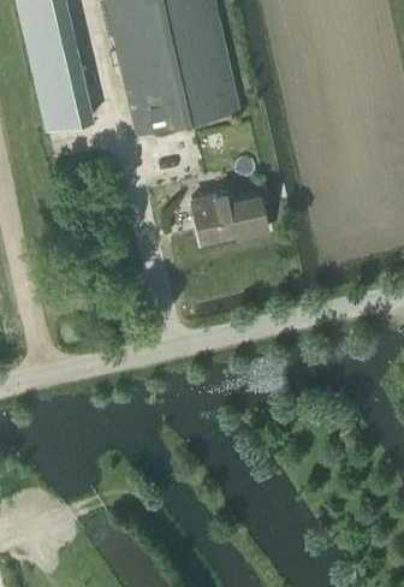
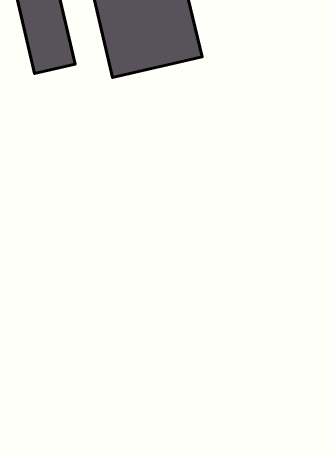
building: [192,192,266,242] -> none

